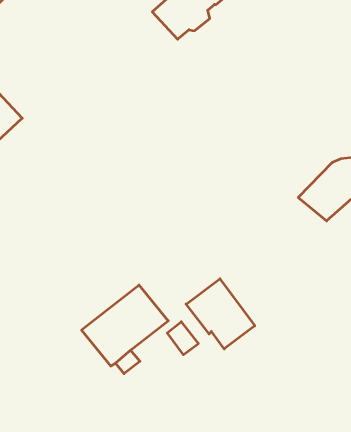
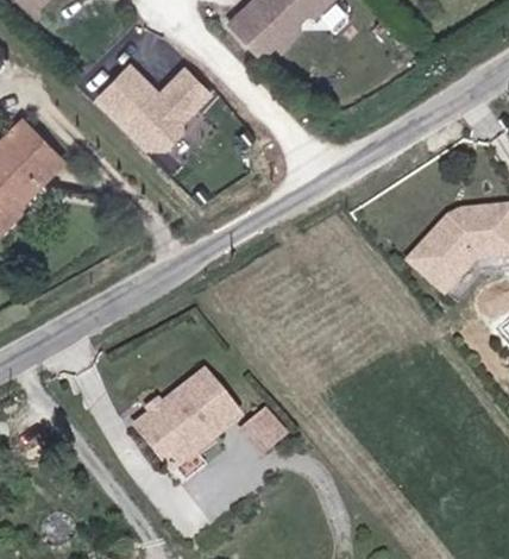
building: none -> [99,64,212,149]
building: [186,279,255,349] -> none

